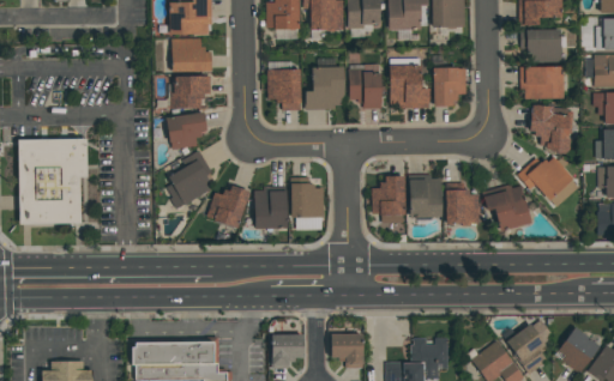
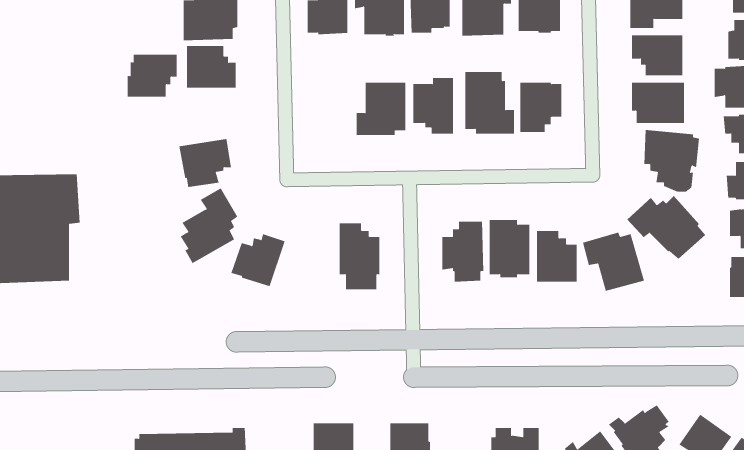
building: [267,69,301,110] -> none
building: [170,75,210,109] -> [127,54,177,97]
building: [254,186,287,229] -> none

